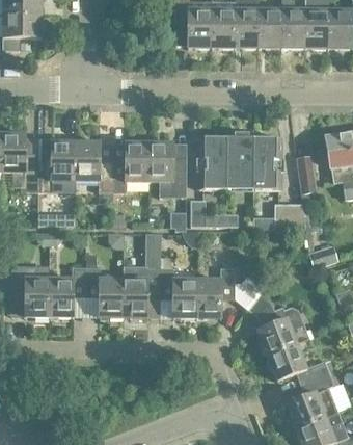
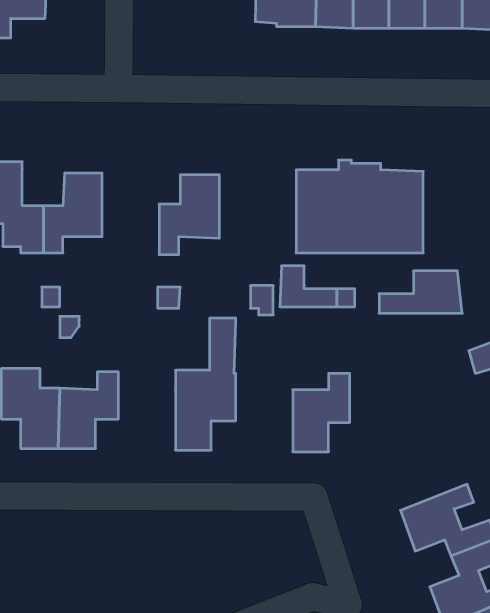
building: [76,139,112,191] -> none
building: [151,140,186,195] -> none
building: [295,154,317,193] -> none
building: [86,252,123,316] -> none
building: [161,256,197,317] -> none
building: [234,274,264,309] -> none
building: [255,300,308,355] -> none

